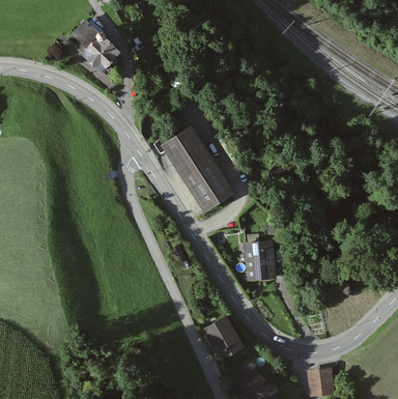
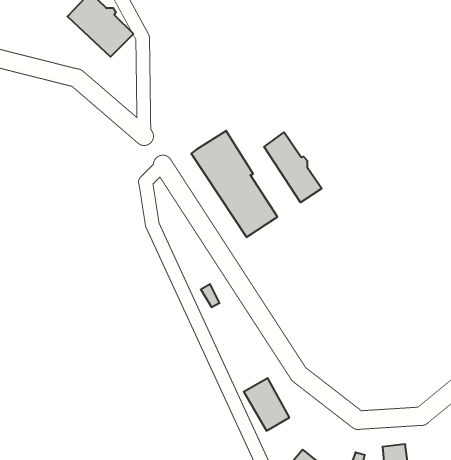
building: none -> [264,132,322,202]
building: [249,243,277,279] -> none

